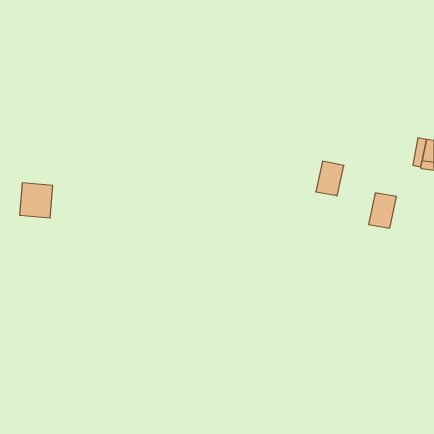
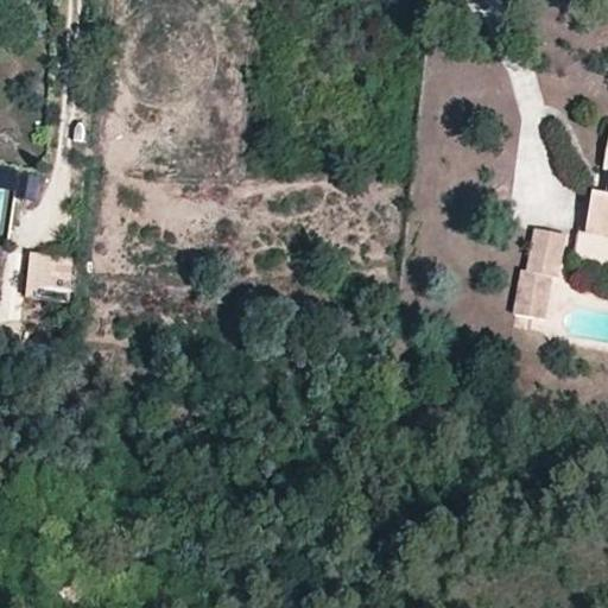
building: [316,161,344,196] -> [526,227,565,276]

